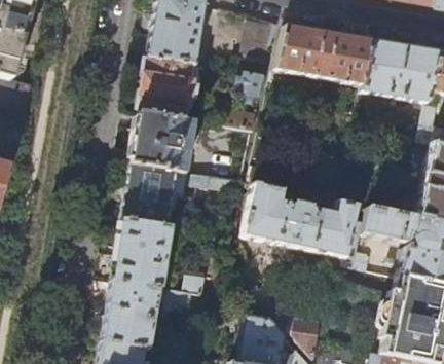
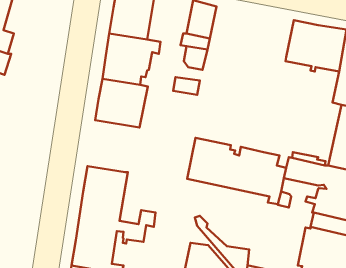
building: [274,26,374,86] -> none
building: [121,163,212,227] -> none

